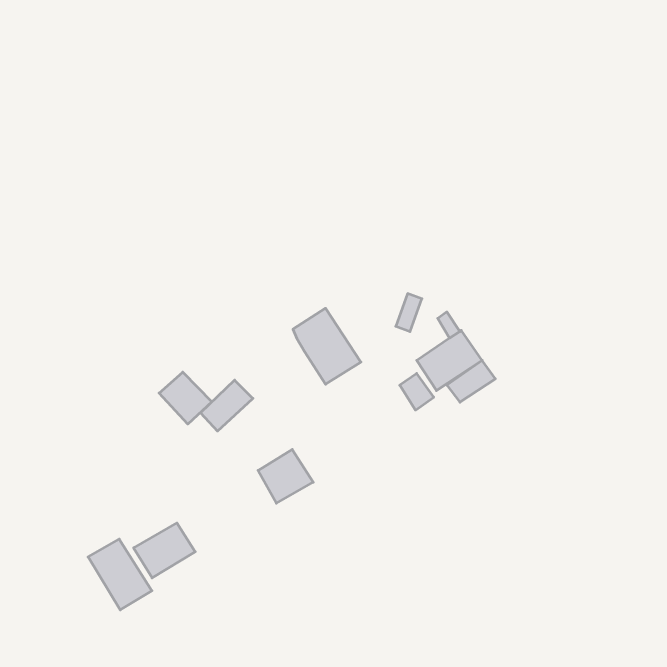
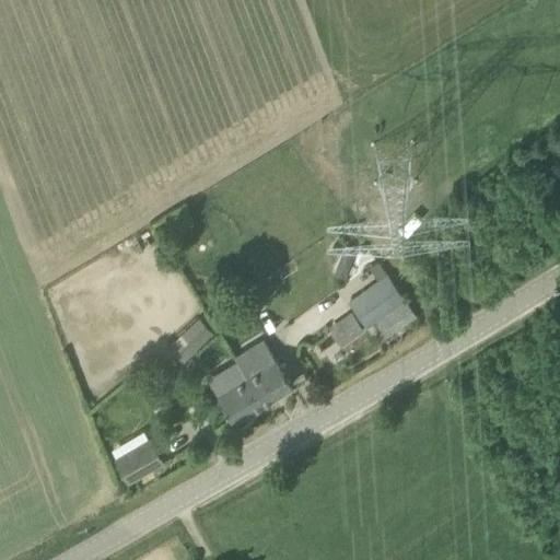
building: [293,308,361,384] -> [234,341,291,405]
building: [159,372,212,424] -> none
building: [88,539,152,610] -> none

